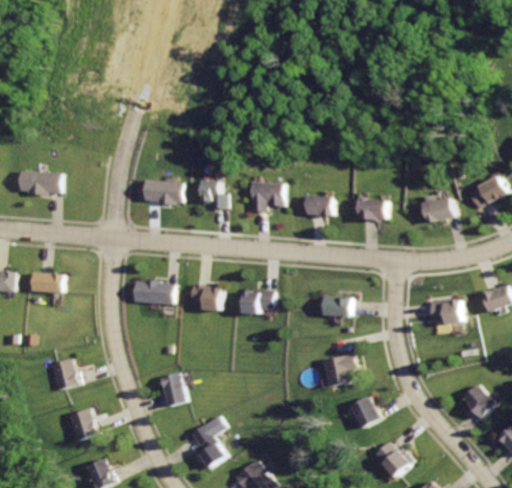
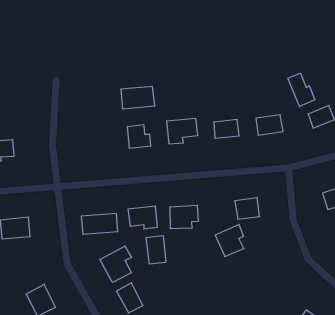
building: none -> [288,73,315,107]
building: [143,178,184,205] -> [121,86,155,109]
building: none -> [146,236,166,264]
building: none -> [100,246,132,282]
building: [320,352,354,388] -> [215,224,244,257]
building: [344,394,378,430] -> none

